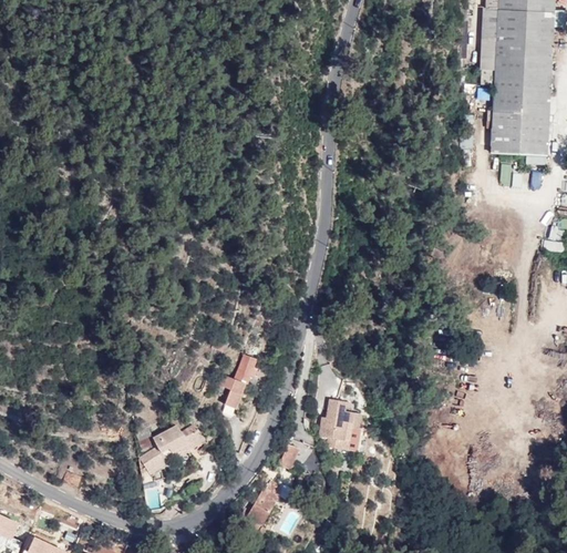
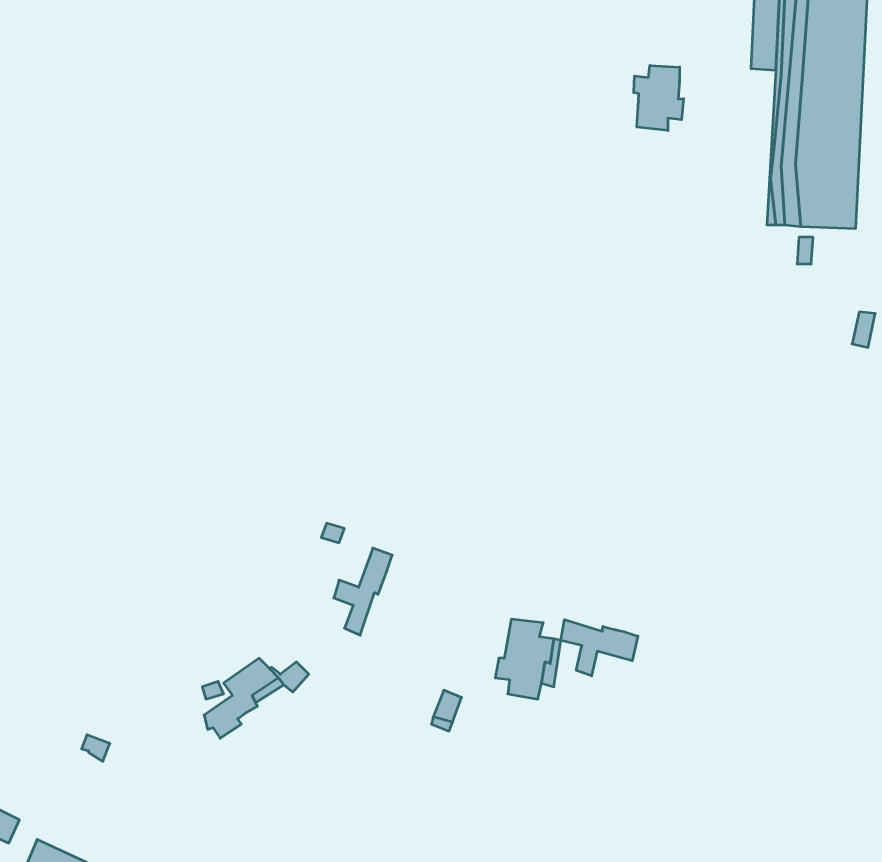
building: none -> [634,65,684,131]
building: none -> [561,620,638,676]
building: [248,481,278,524] -> none

